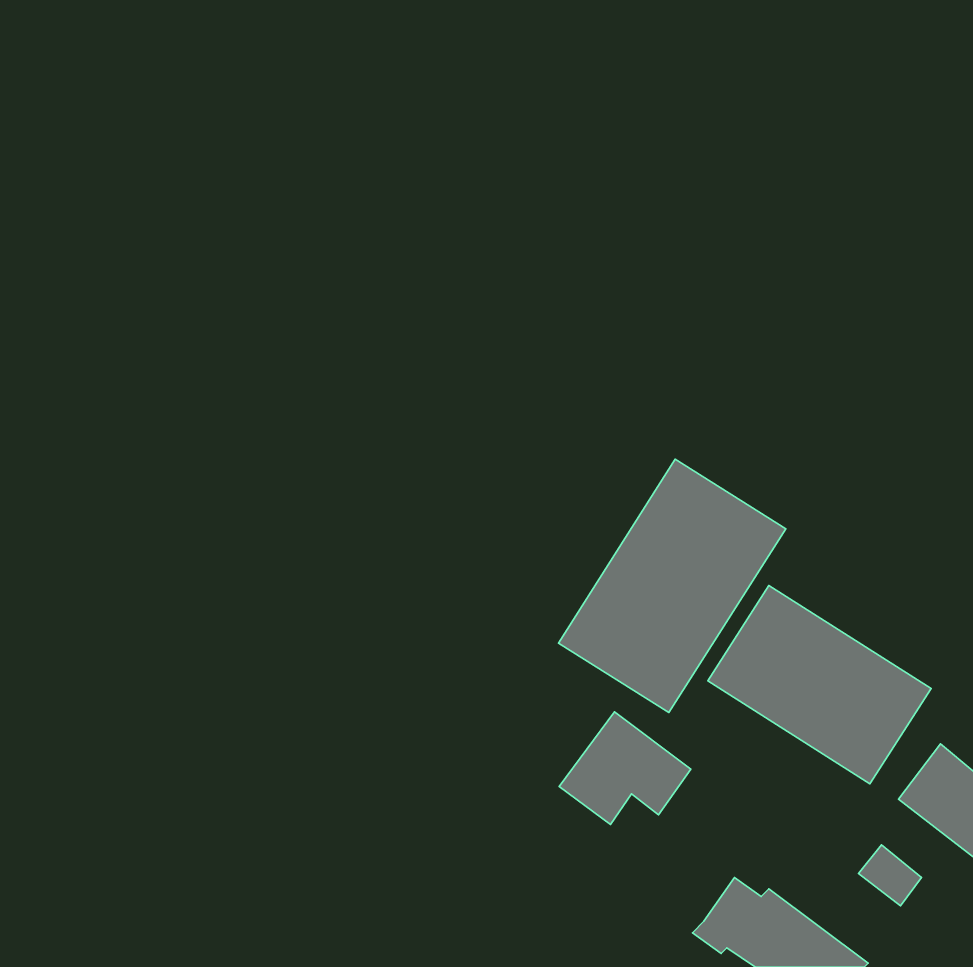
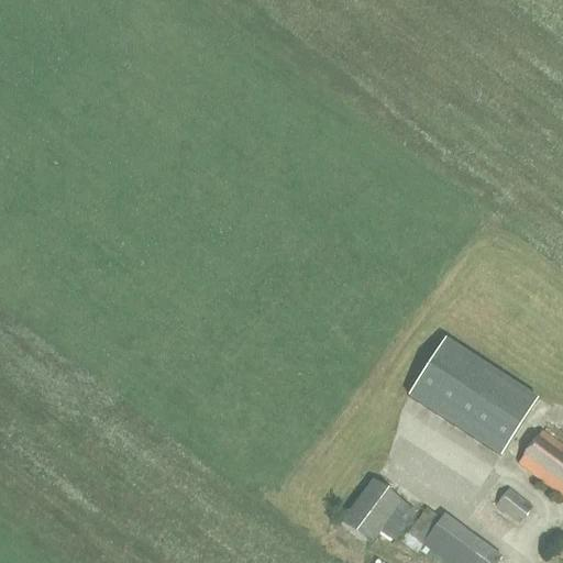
building: [558,459,786,713] -> none
building: [559,712,691,825] -> [341,479,417,544]

